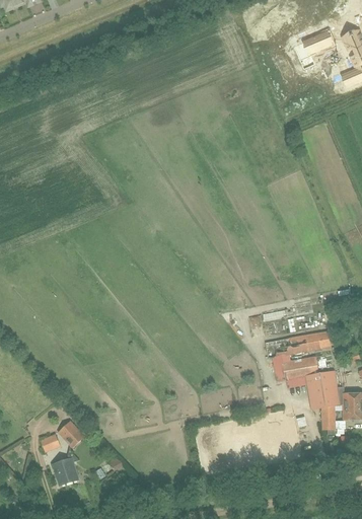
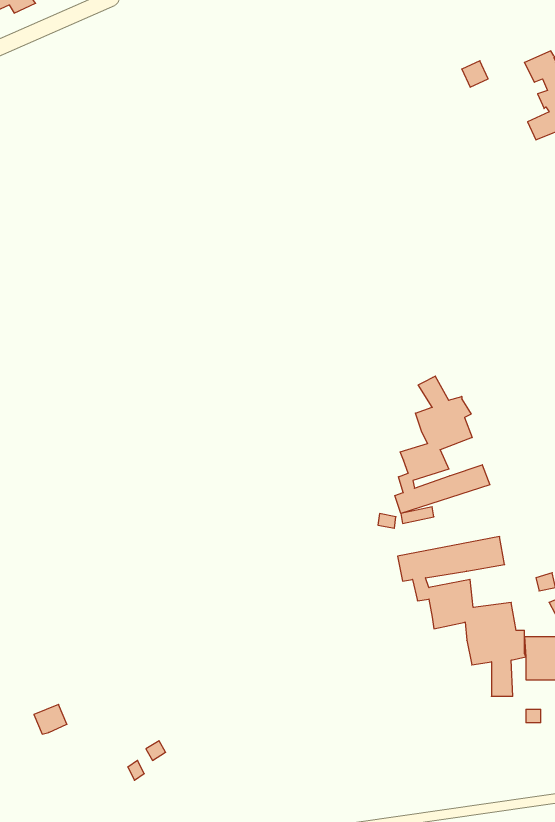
building: none -> [395,376,490,514]
building: [53,420,85,486] -> none

